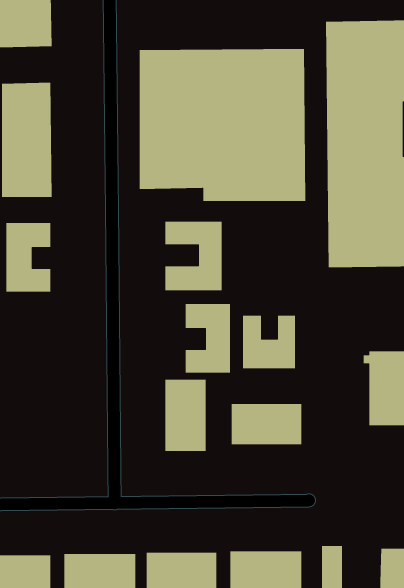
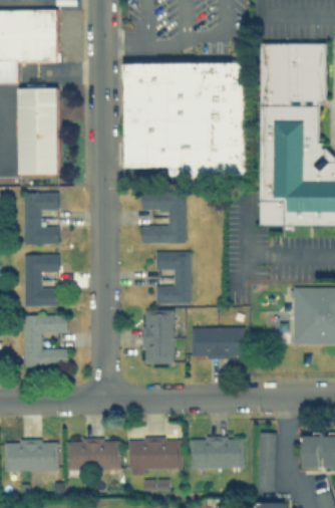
building: none -> [25,255,58,307]
building: [242,315,296,369] -> none
building: none -> [25,315,69,367]

